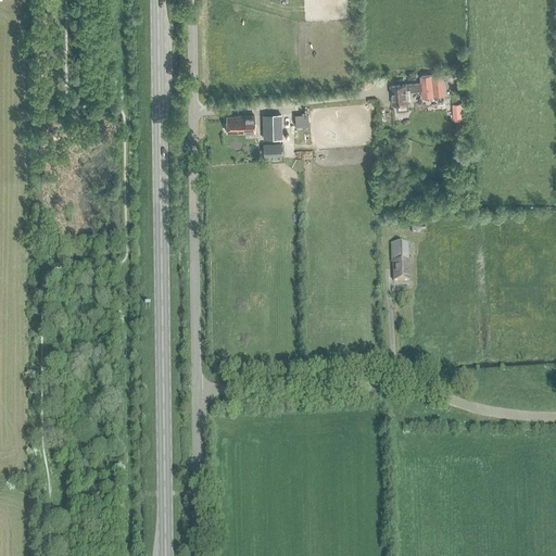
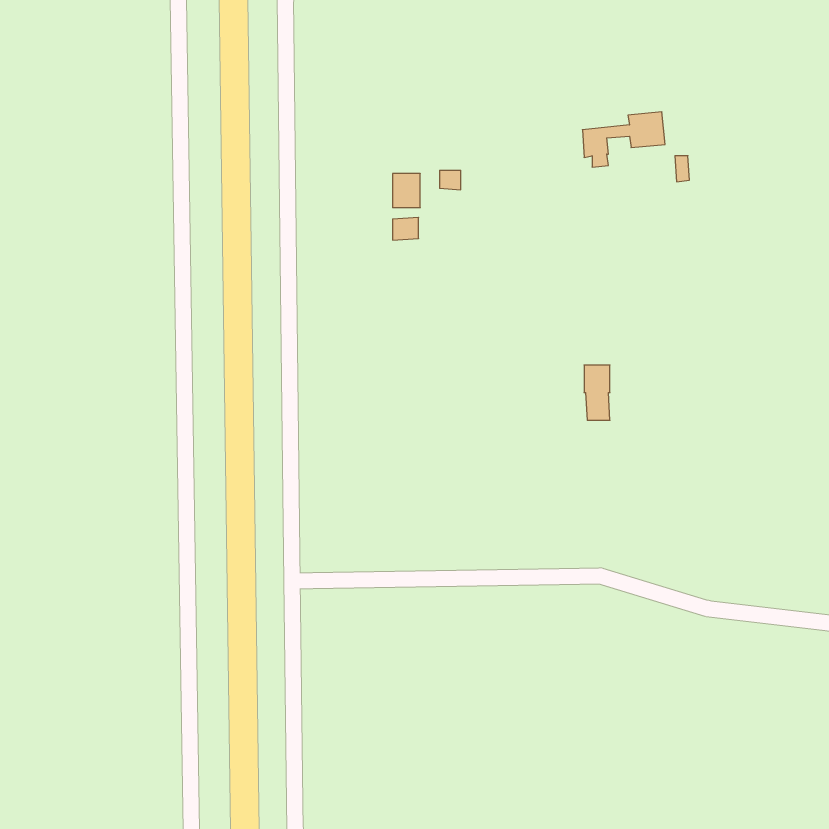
building: [226,116,254,132] -> none

